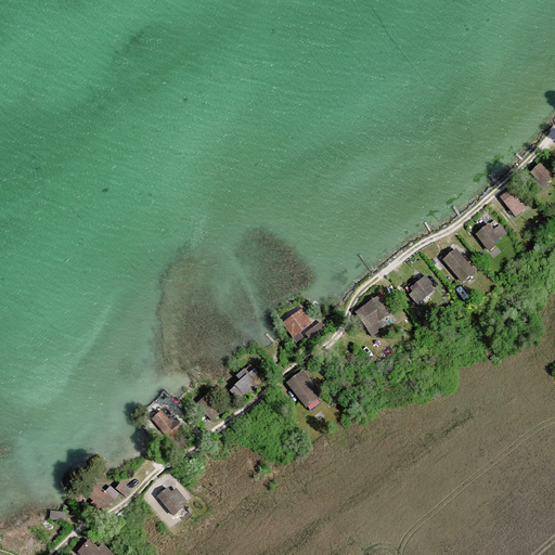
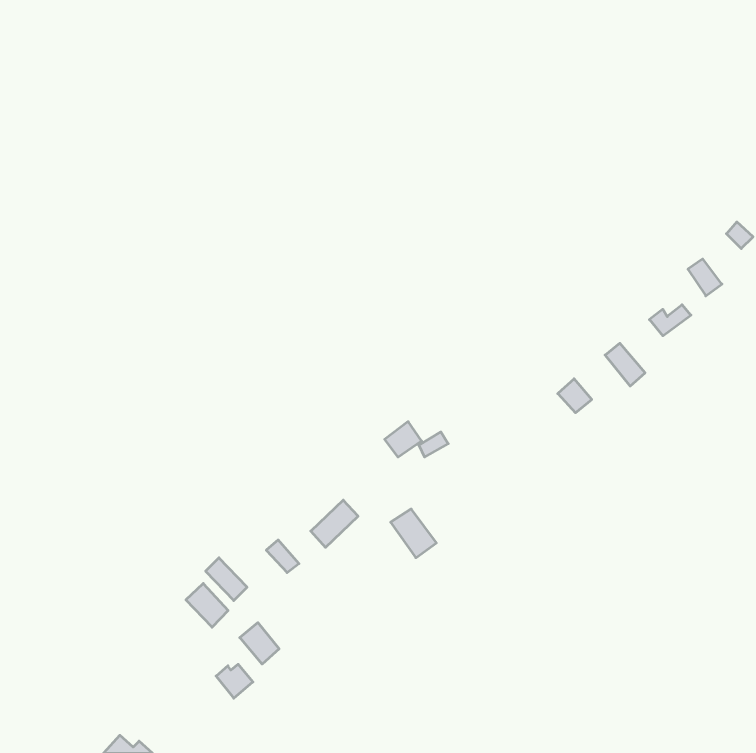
building: [357,295,395,334] -> none
building: none -> [186,583,228,627]
building: none -> [240,623,279,664]

